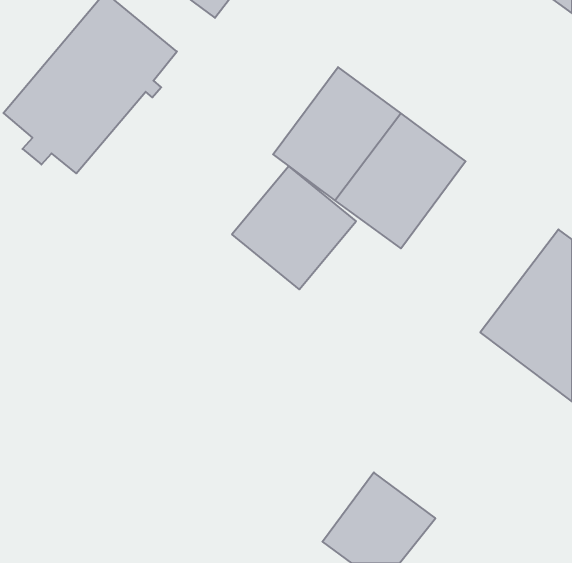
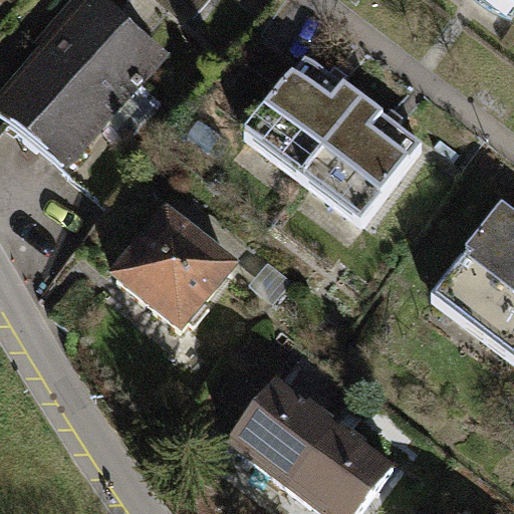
building: [232,166,356,289] -> [117,215,229,325]
building: none -> [233,349,359,486]

